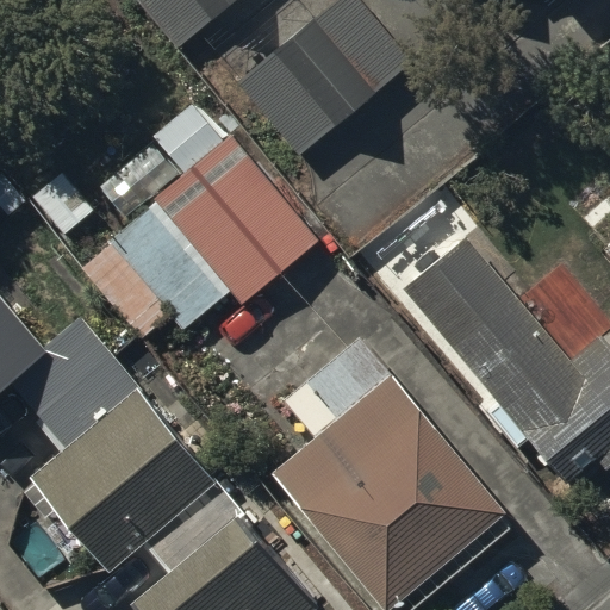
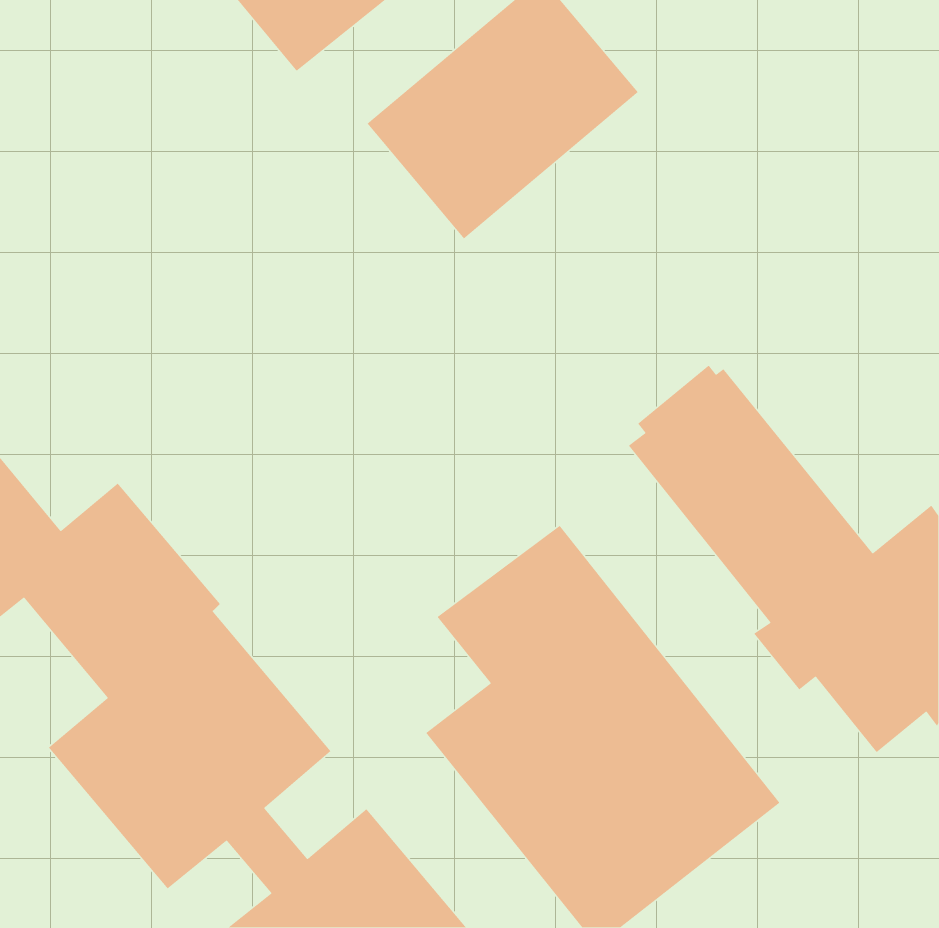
building: [83,104,319,337] -> none

